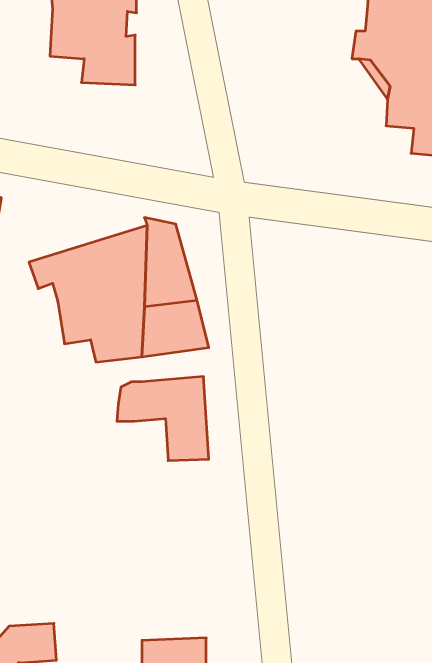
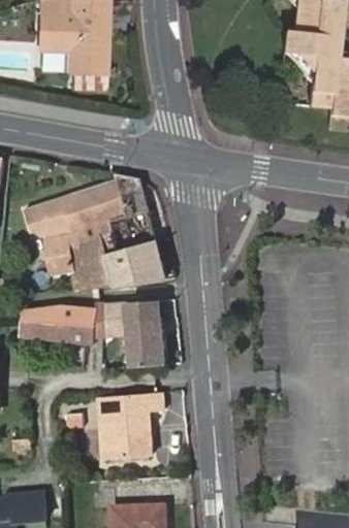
building: none -> [21,305,96,344]
building: none -> [99,396,164,461]

